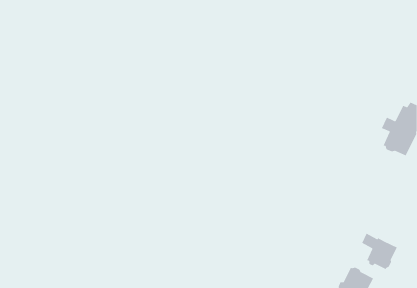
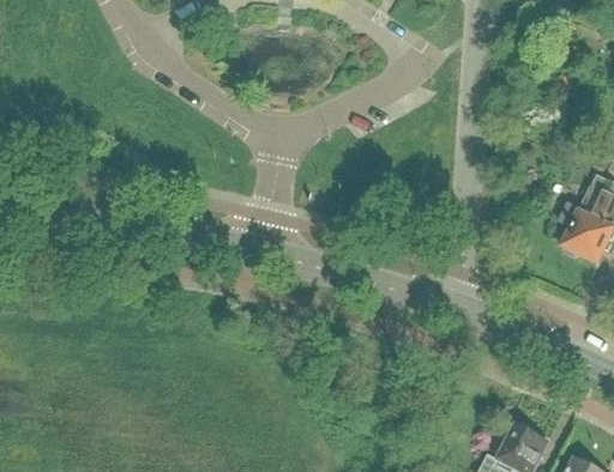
building: [361,232,398,270] -> none

